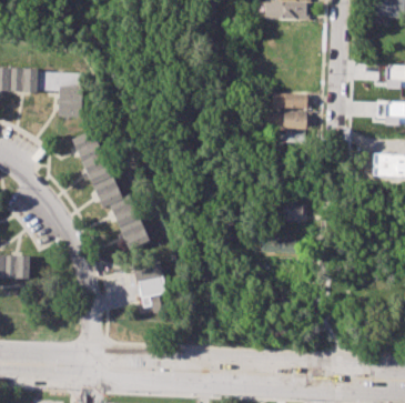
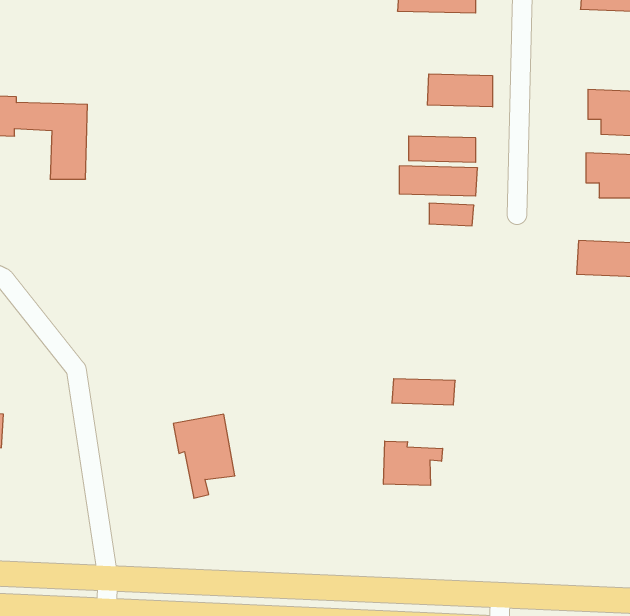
building: none -> [427,74,493,107]
building: [72,130,151,252] -> none
building: [274,202,306,222] -> none
building: none -> [384,441,443,485]

